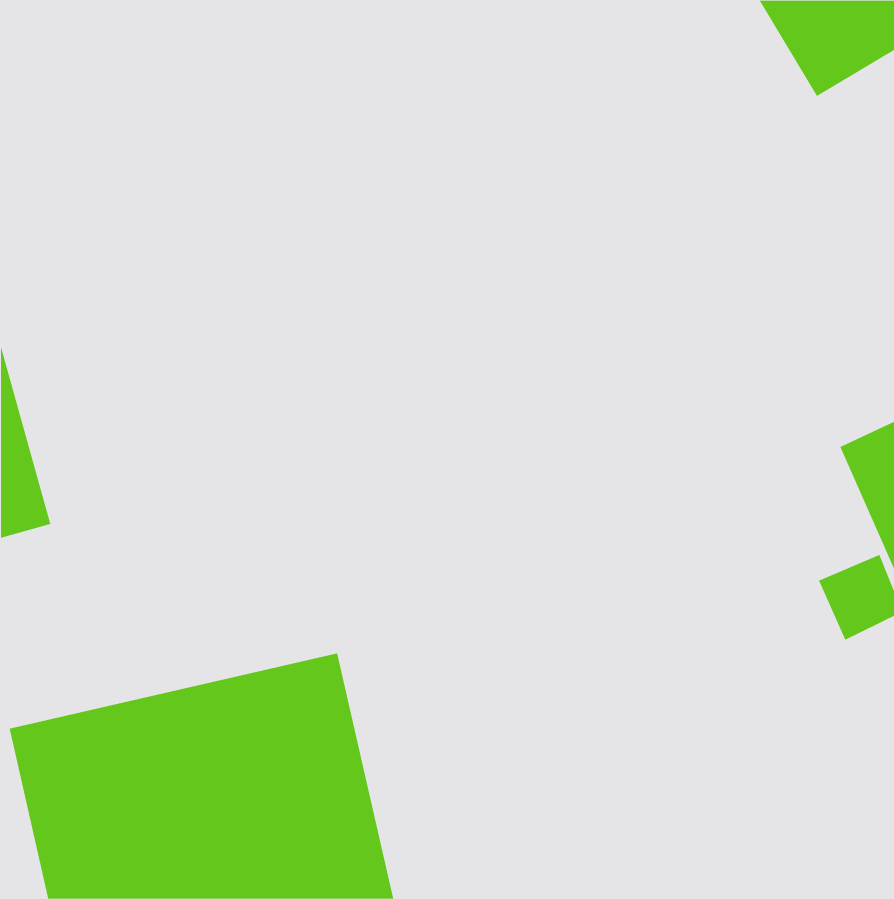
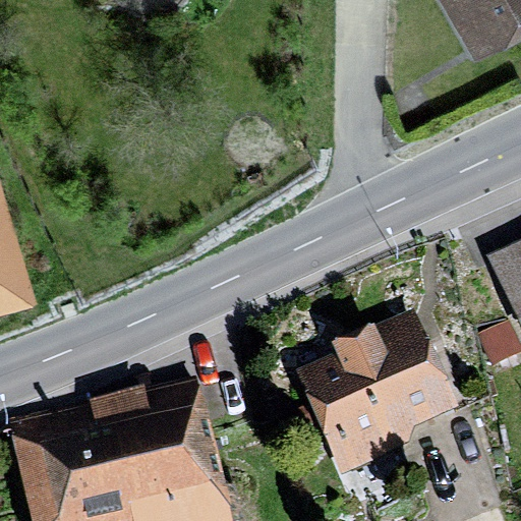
building: none -> [296,311,459,478]

